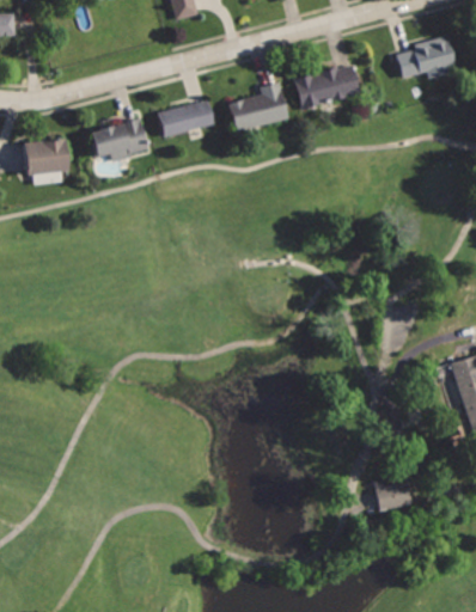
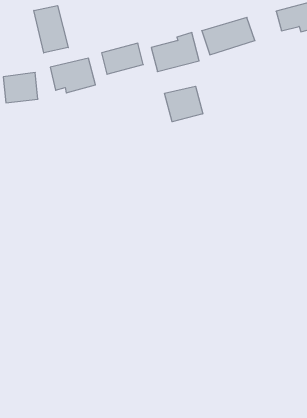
building: none -> [34,6,68,53]
building: none -> [165,86,203,122]
building: [376,479,410,510] -> none

